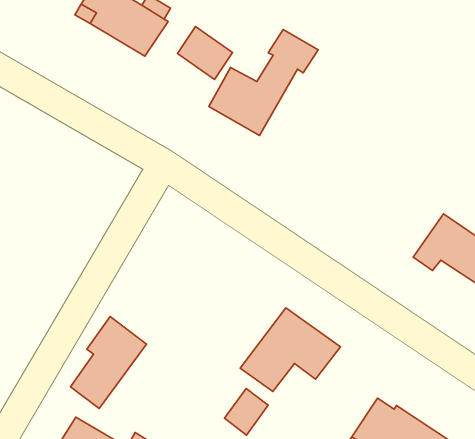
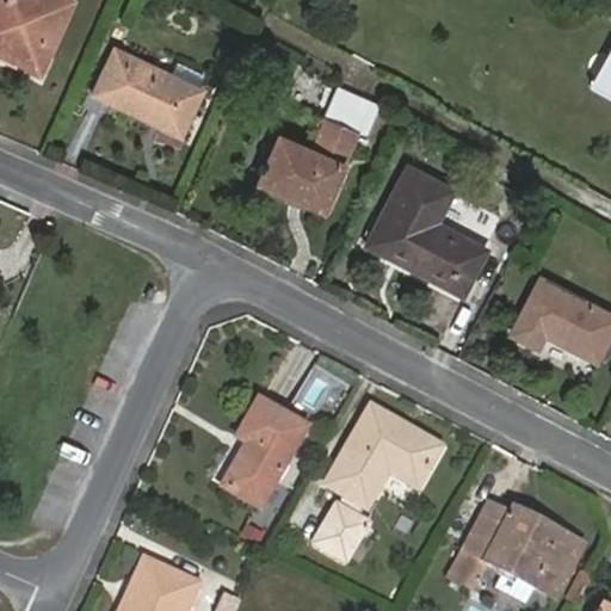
building: [177,27,233,80] -> none
building: none -> [368,167,485,294]
building: [71,317,146,409] -> [223,399,306,506]

